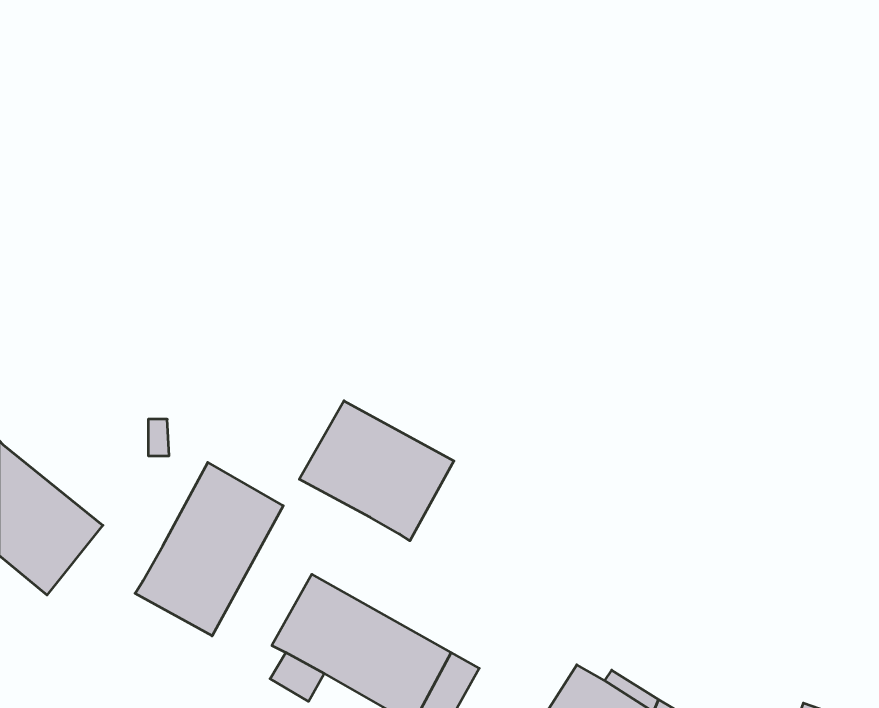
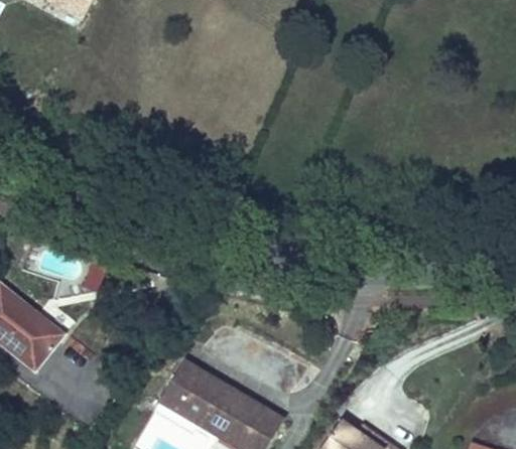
building: [299,401,454,541] -> none
building: [135,462,283,636] -> none

